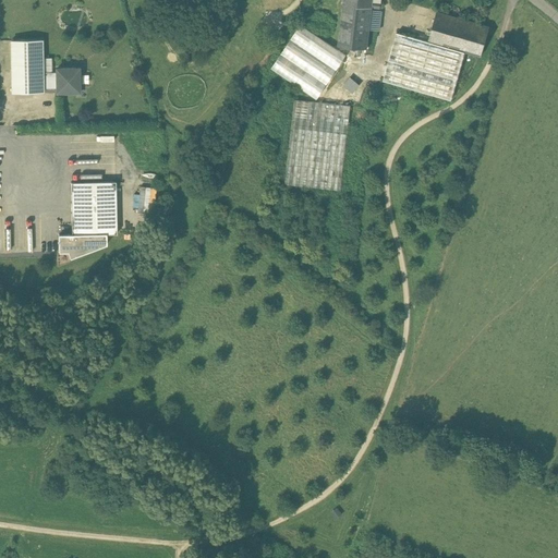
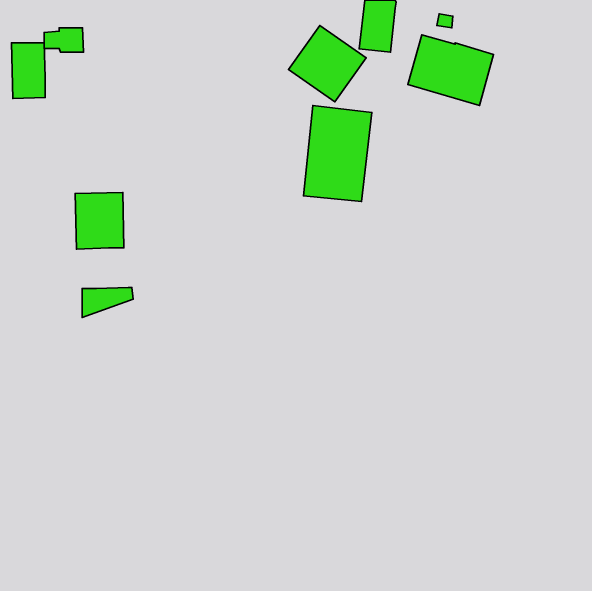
building: [428,13,489,57] -> none
building: [43,70,80,93] -> [44,28,84,52]
building: [59,234,107,263] -> [82,287,133,318]

